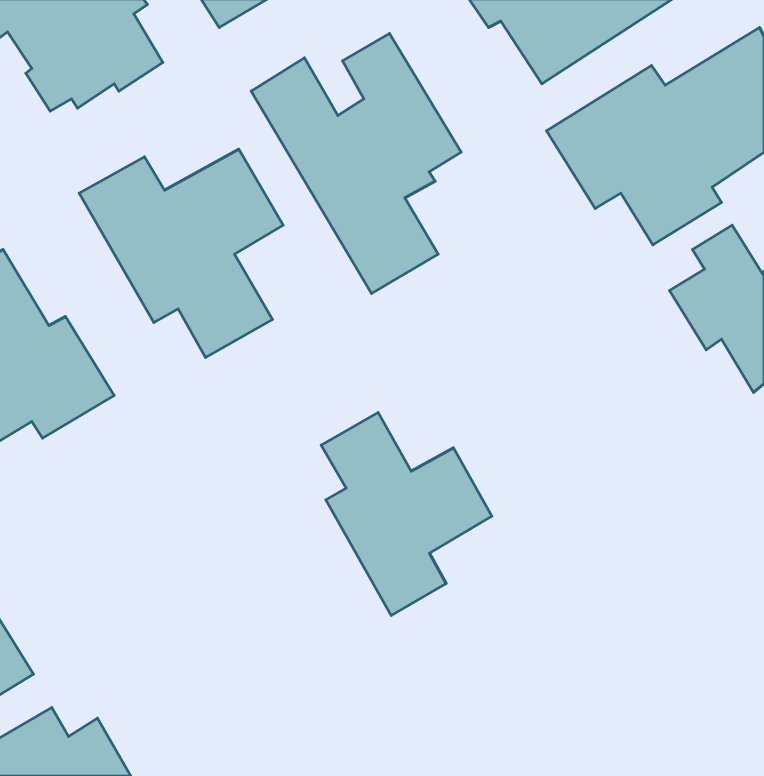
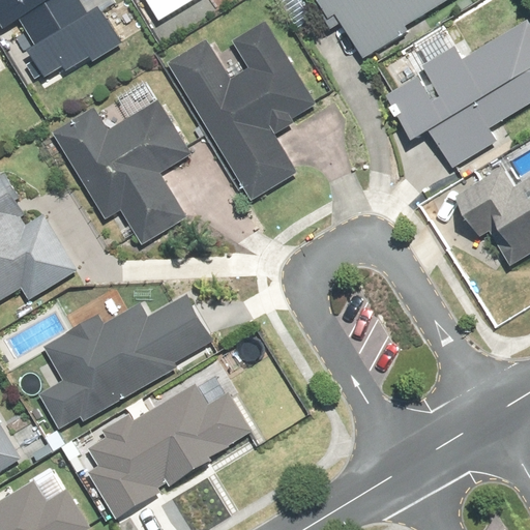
building: [321,412,492,616] -> none
building: none -> [41,295,211,428]
building: none -> [88,385,248,519]

